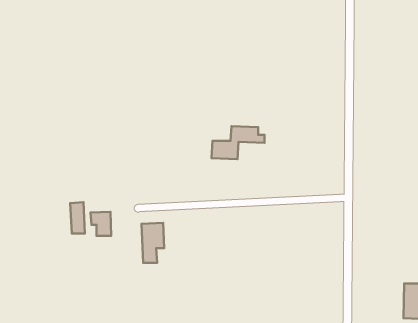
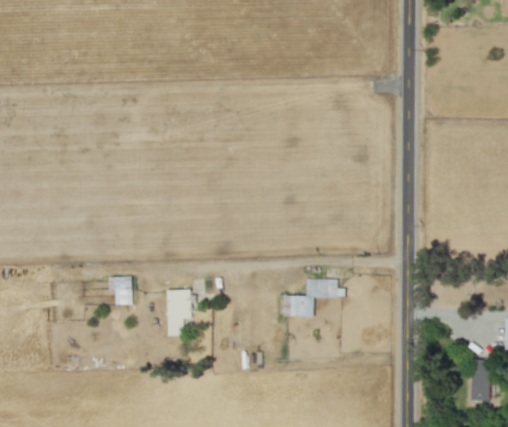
building: [212,126,264,159] -> [284,279,345,317]
building: [70,202,85,234] -> none

